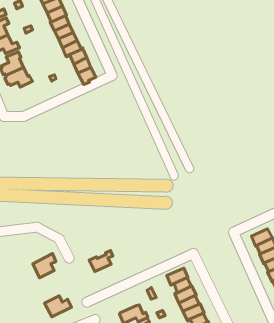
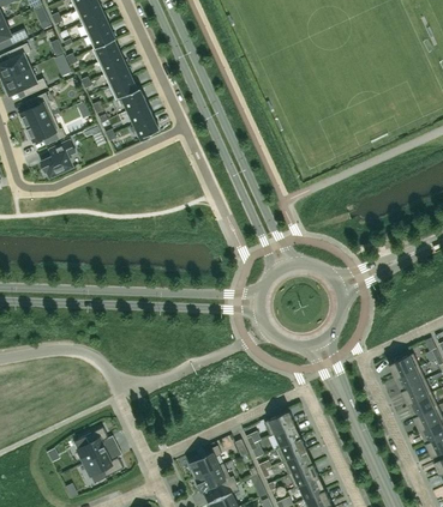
building: none -> [41,140,76,176]
building: [89,250,113,272] -> [187,446,222,477]
building: [33,253,56,278] -> [74,427,108,463]

